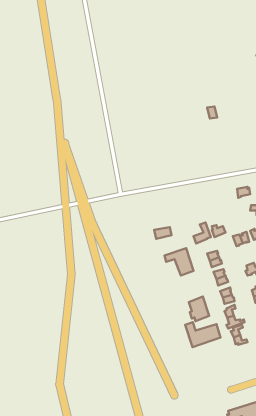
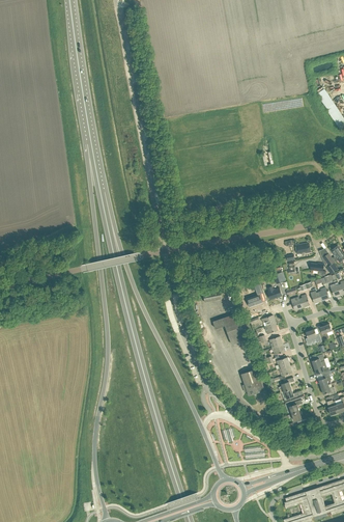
building: [185,322,221,347] -> none

